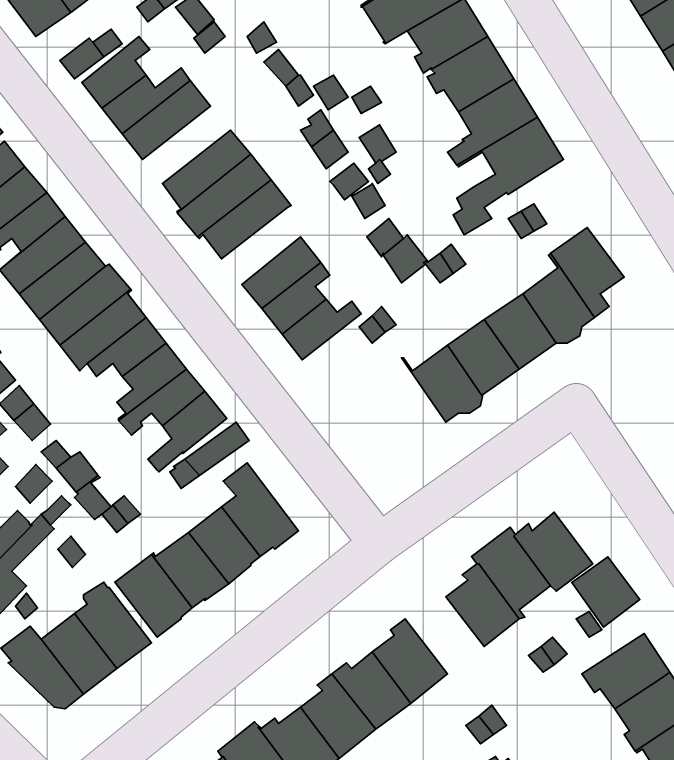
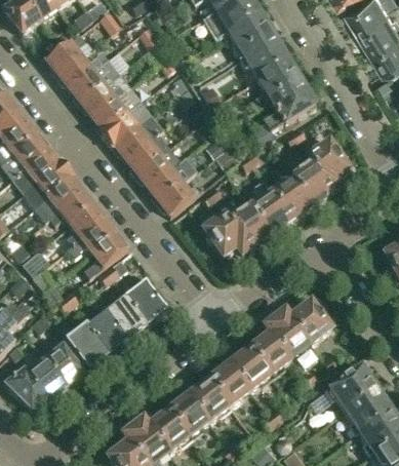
building: none -> [80,73,129,116]
building: none -> [124,129,168,172]
building: none -> [203,213,249,257]
building: [572,557,640,627] -> none
building: none -> [227,347,271,390]

